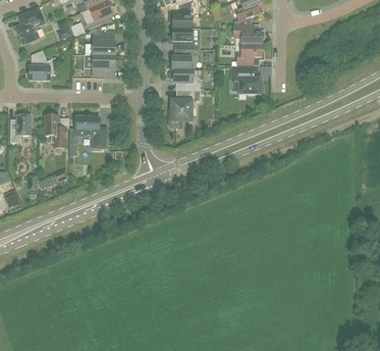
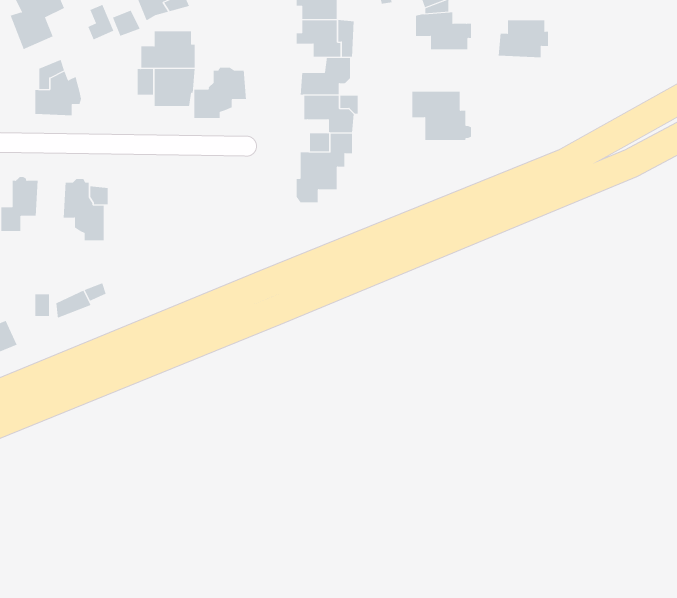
building: [236,44,264,64] -> [498,20,549,58]
building: none -> [194,67,247,119]
building: [74,113,107,148] -> none

